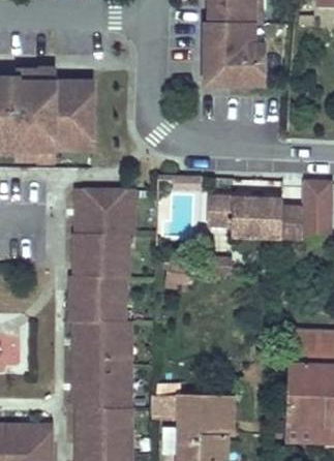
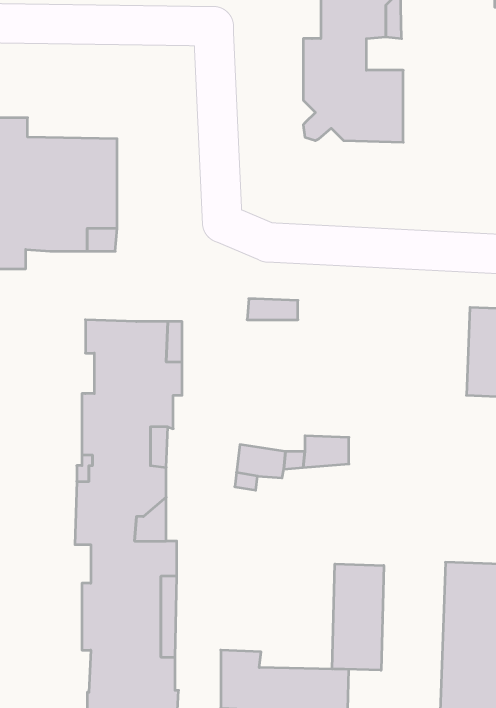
building: [207,195,302,239] -> none
building: none -> [332,564,384,670]

